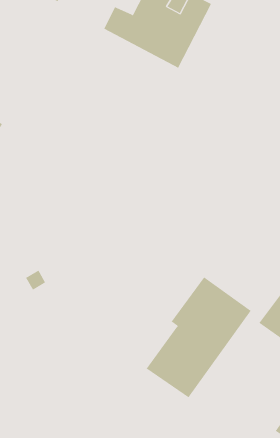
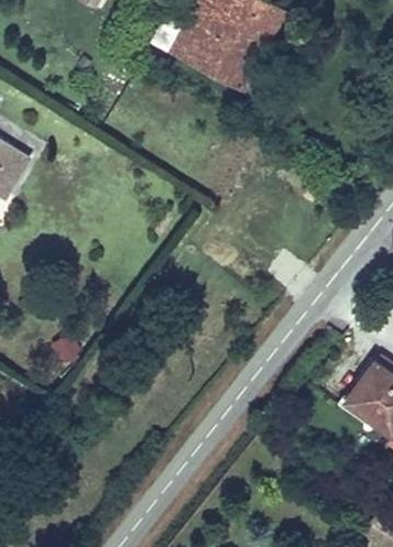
building: [146,276,252,398] -> none

